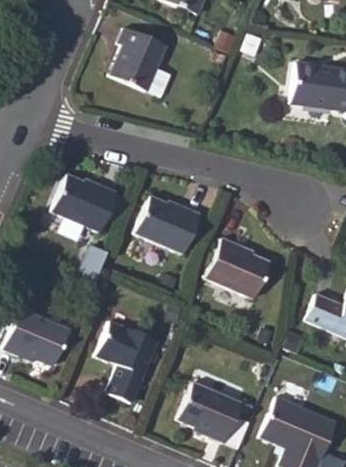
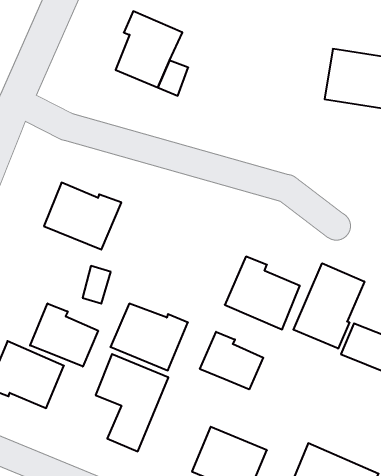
building: [135,197,201,254] -> [110,304,188,370]
building: none -> [293,263,364,349]
building: none -> [30,303,98,367]
building: none -> [200,332,263,389]

